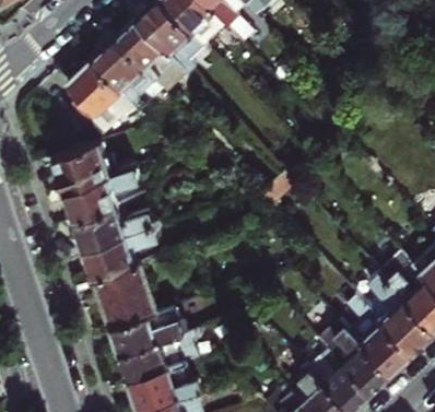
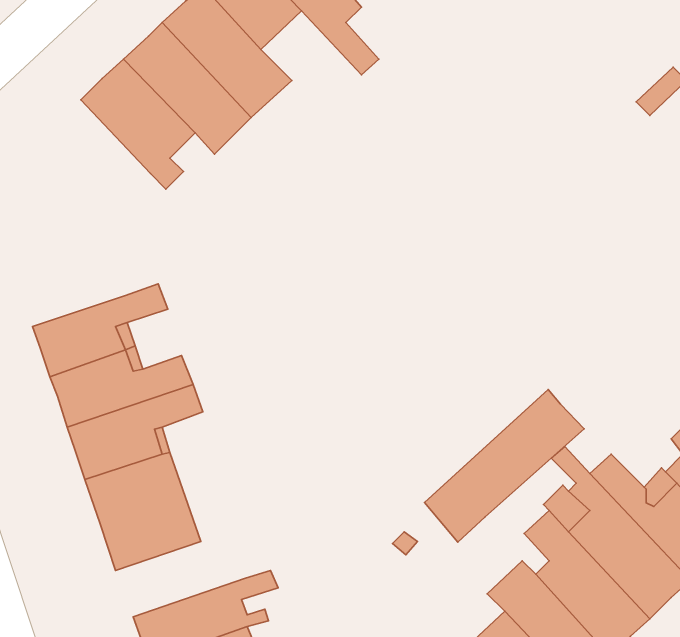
building: [63,67,127,138] -> none
building: [48,144,113,195] -> none
building: none -> [424,389,584,542]
building: [107,310,180,358] -> none

